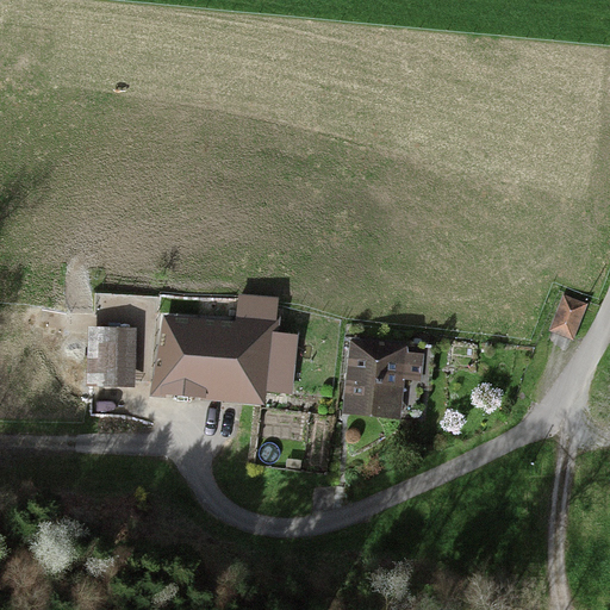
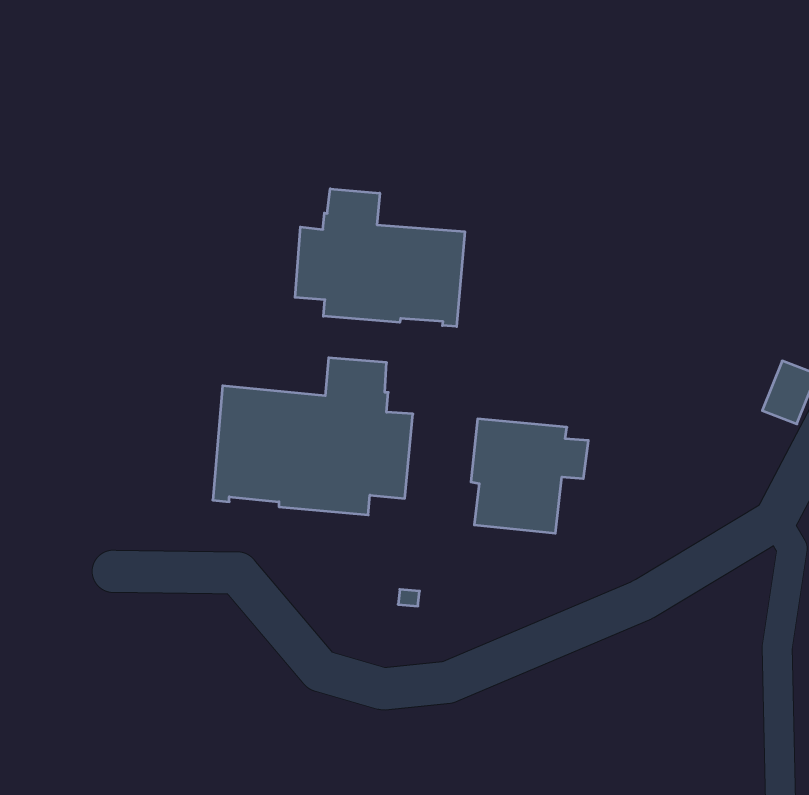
building: none -> [295,189,465,327]
building: [86,325,137,387] -> none

